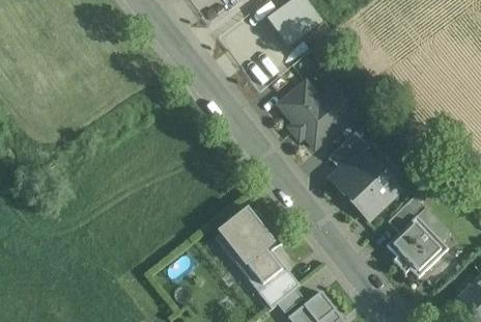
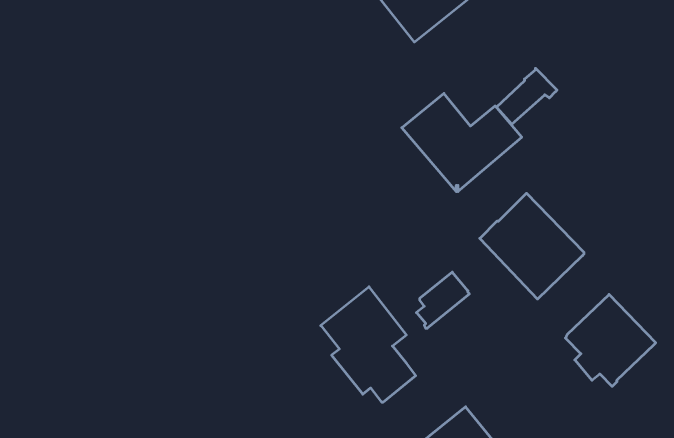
building: [329,131,369,168] -> [496,68,557,124]
building: [388,195,425,233] -> none
building: [263,270,299,307] -> [416,272,469,328]

